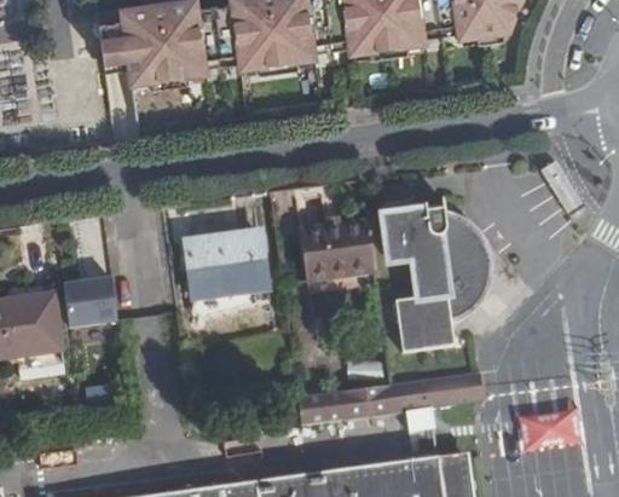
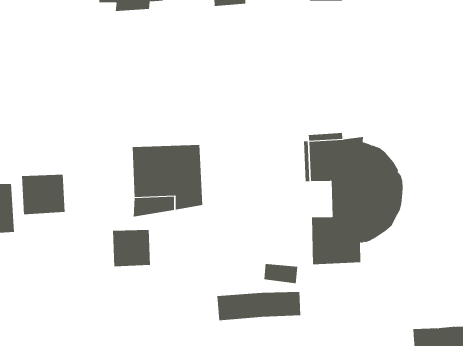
building: [300,219,372,281] -> none
building: none -> [112,229,151,267]
building: [388,372,482,412] -> none

